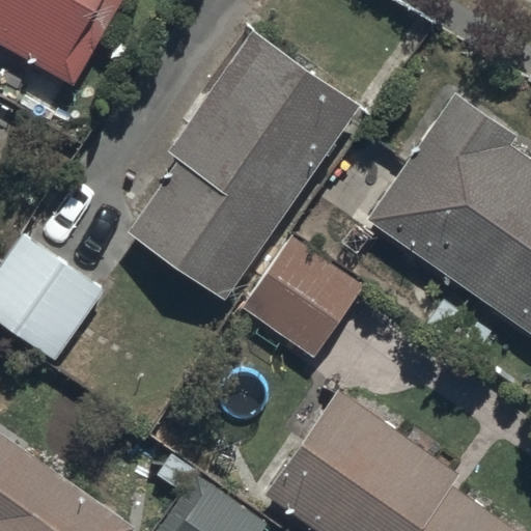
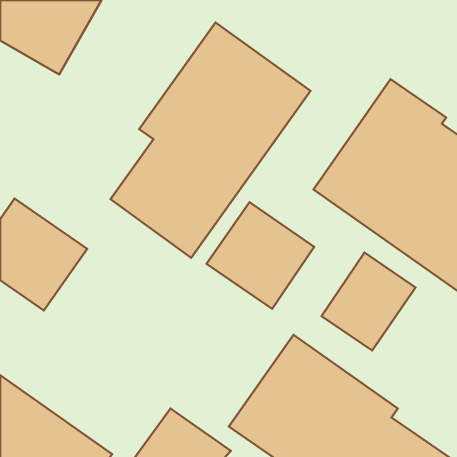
building: none -> [321,253,415,350]

